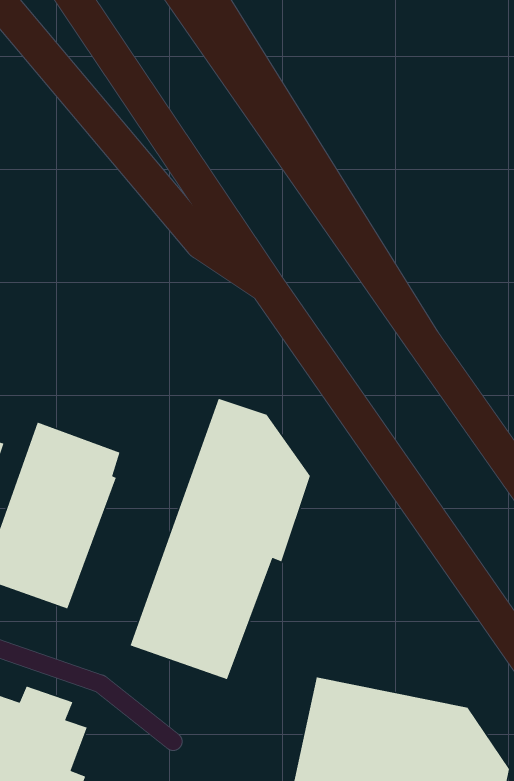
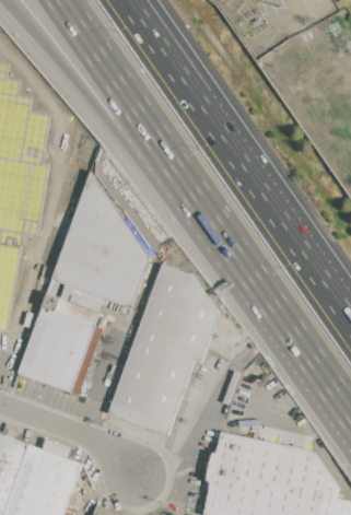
building: none -> [52,172,150,307]

